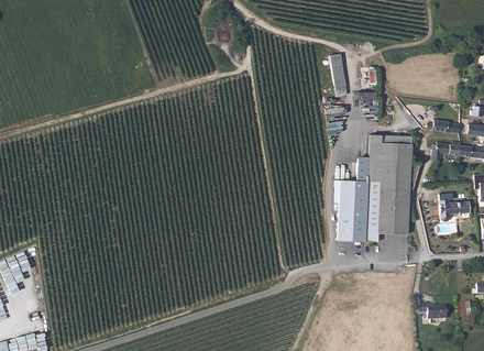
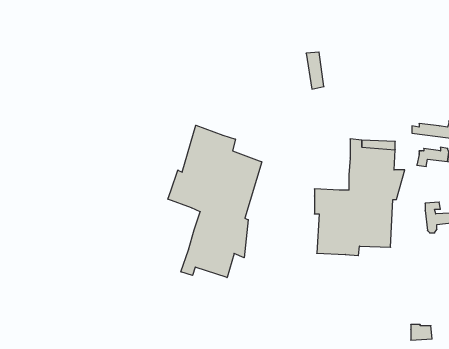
building: none -> [168,125,262,278]

